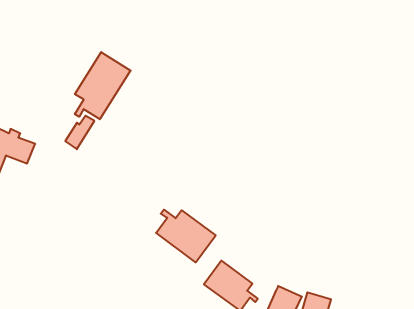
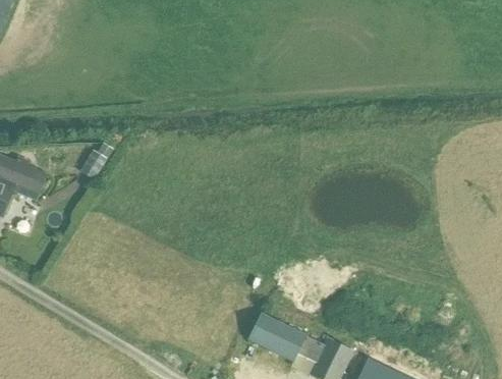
building: [75,52,131,119] -> none
building: [156,210,216,262] -> none

